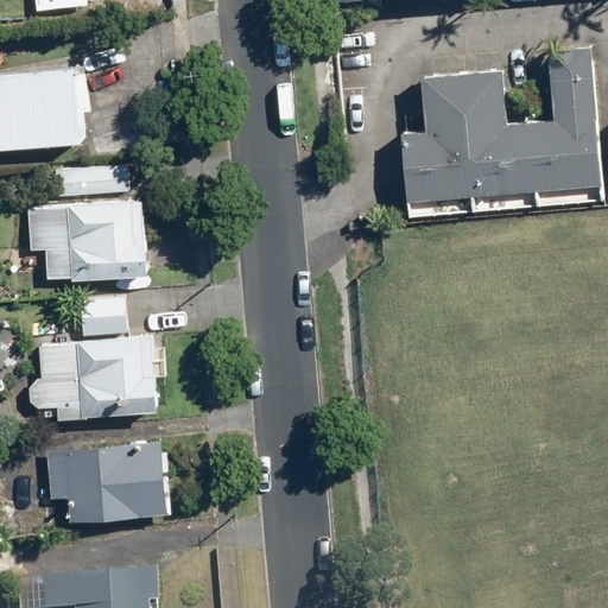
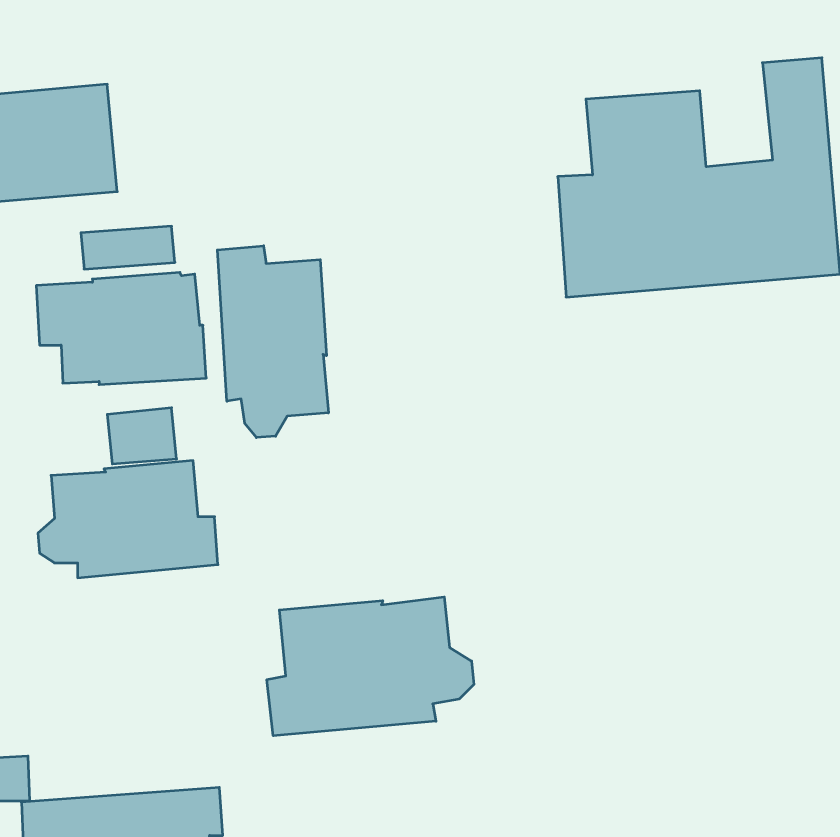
building: none -> [217,246,328,438]
building: none -> [267,597,474,736]
building: [43,441,170,521] -> none

